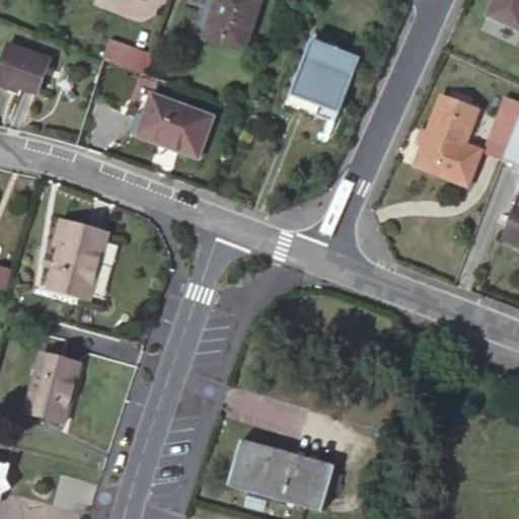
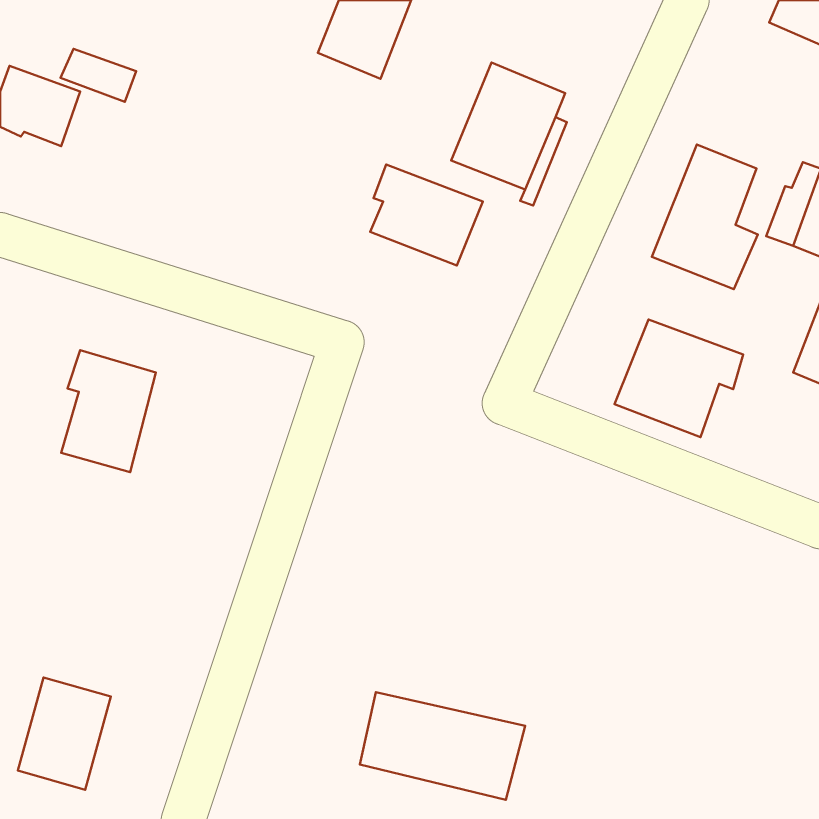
building: [102,36,150,70] -> [61,49,136,102]
building: [141,92,212,156] -> [370,164,483,266]
building: none -> [615,319,743,437]
building: [23,355,82,426] -> [18,677,111,790]

